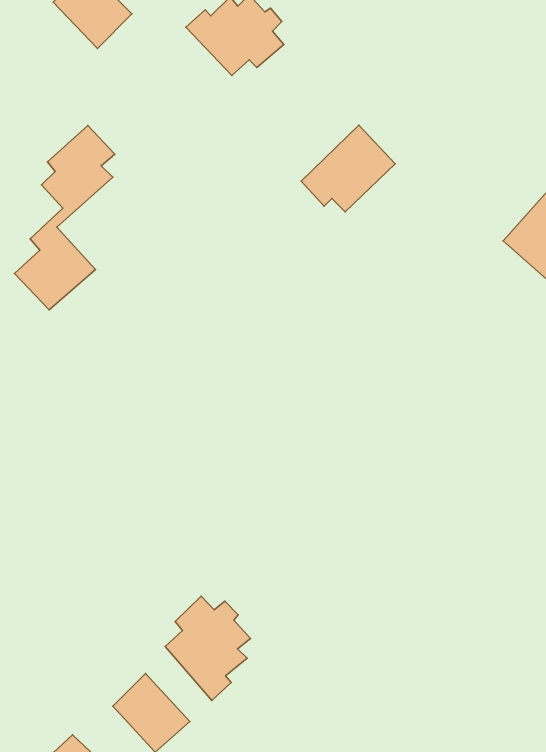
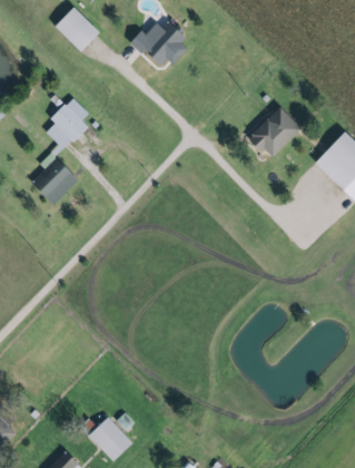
building: [301,125,395,212] -> [246,107,300,157]
building: [165,596,251,700] -> none

